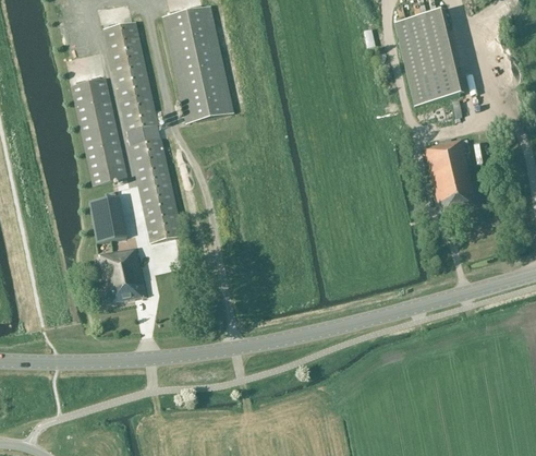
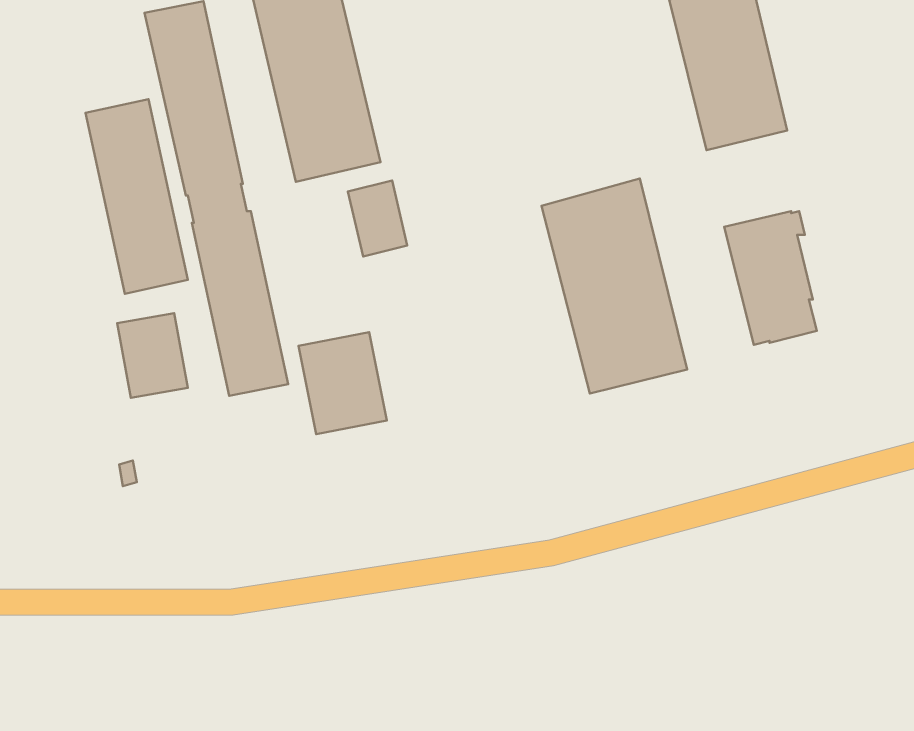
building: none -> [542,178,687,394]
building: none -> [348,181,407,256]
building: [98,245,147,302] -> [298,332,387,434]

